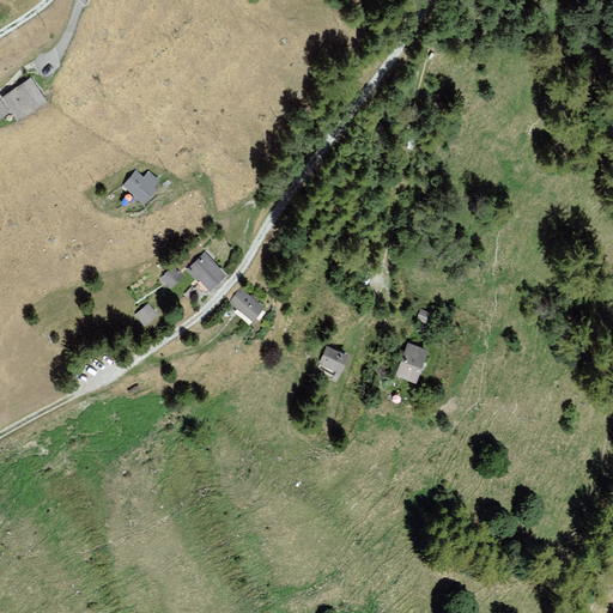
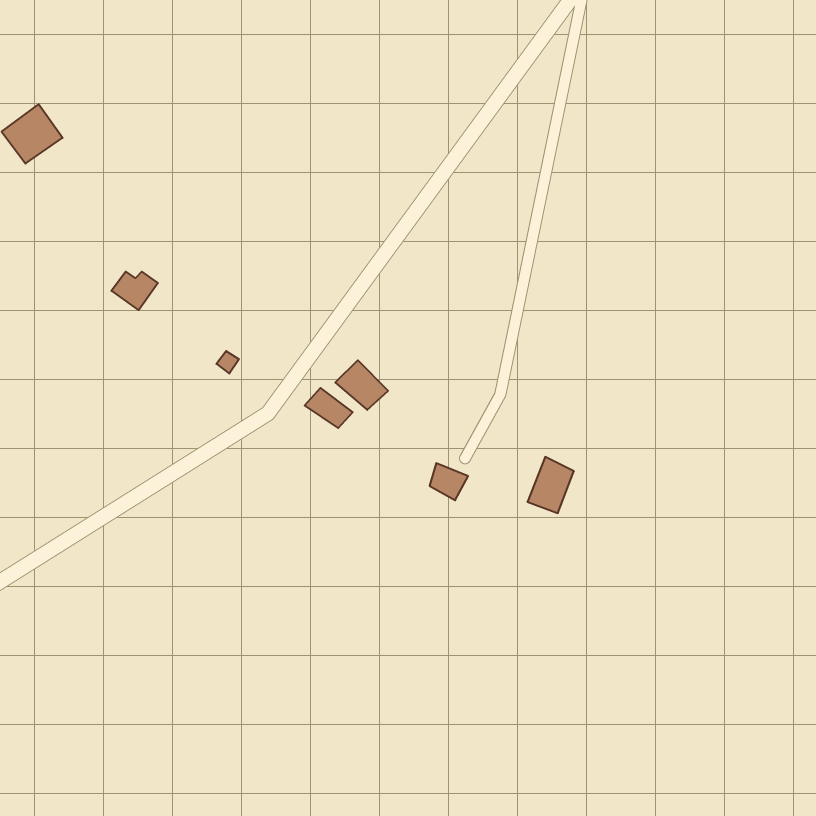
building: [123,171,158,200] -> [111,272,158,310]
building: [186,254,225,291] -> [335,360,388,410]

